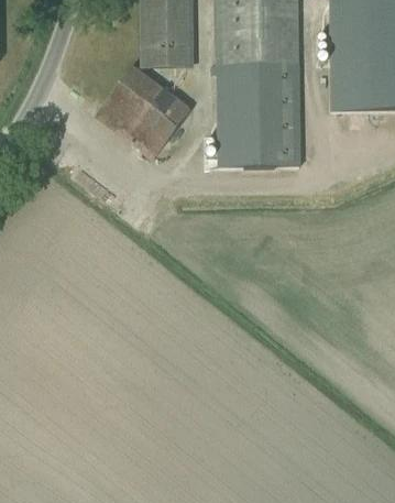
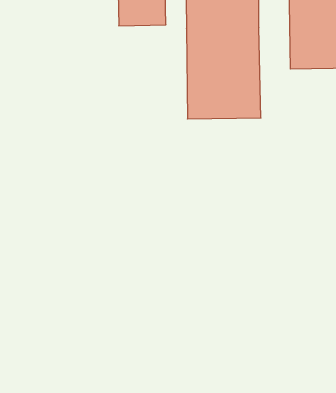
building: [96,66,191,158] -> none

